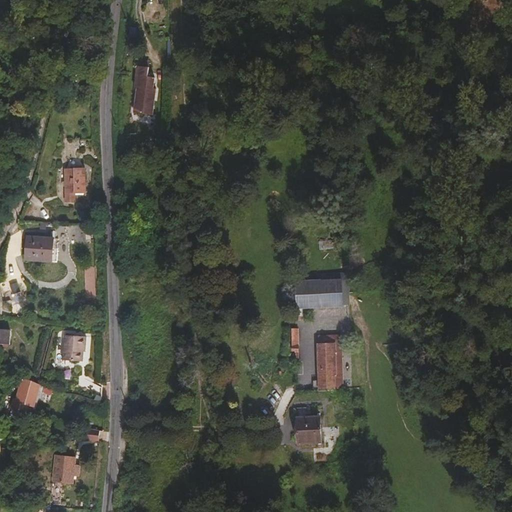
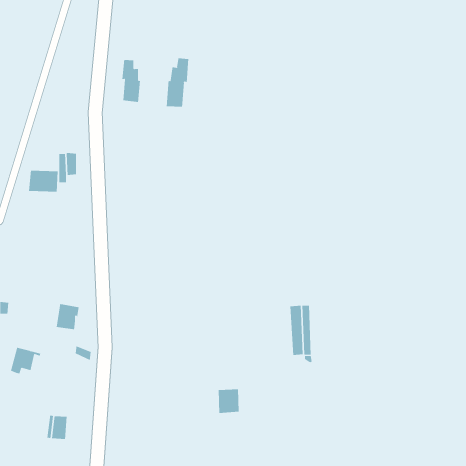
building: none -> [166,58,189,108]
building: [24,236,57,260] -> [28,170,58,192]
building: [293,279,344,307] -> none
building: [296,415,320,442] -> [218,389,240,414]

